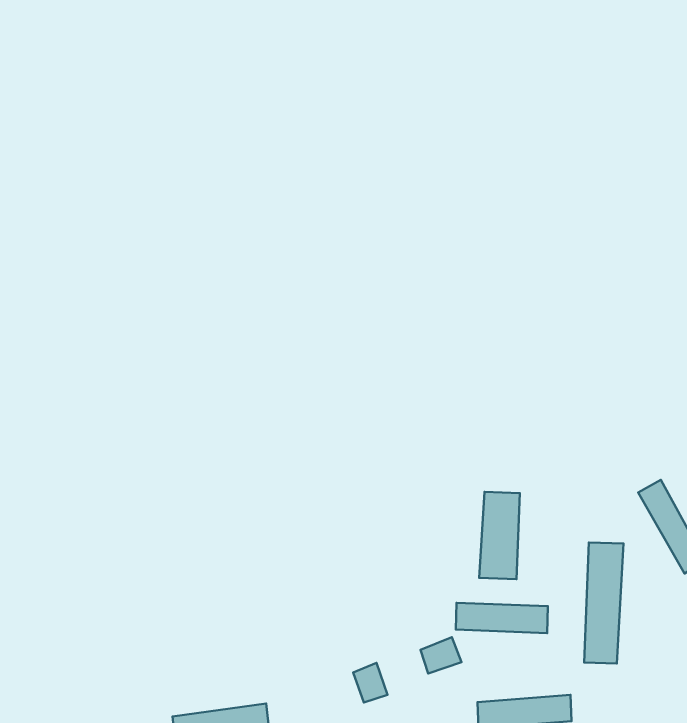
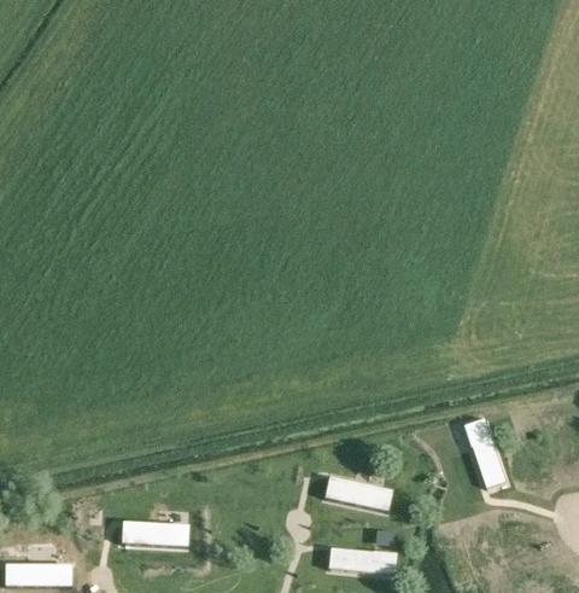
building: [479,492,520,579] -> none
building: [584,542,623,663] -> none

